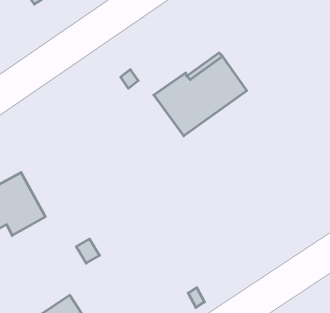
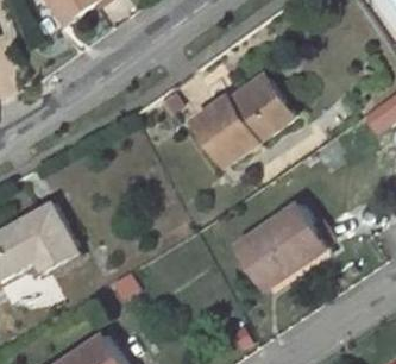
building: none -> [235,203,326,288]

